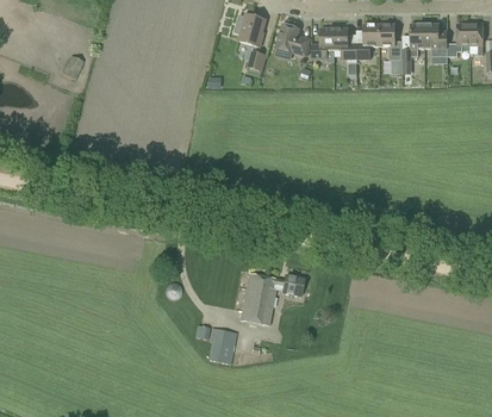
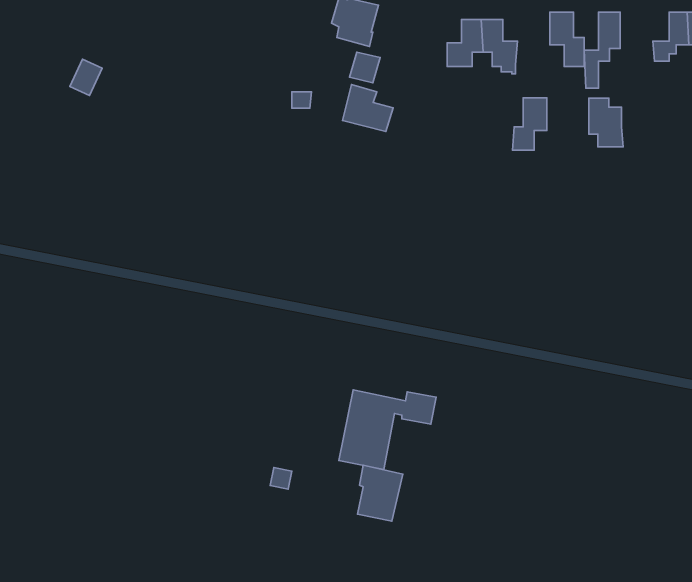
building: [276,24,310,55] -> [343,85,393,131]
building: [356,24,379,58] -> [512,98,547,150]
building: [425,24,448,56] -> [589,98,623,147]
building: [207,326,237,363] -> [358,465,403,521]

